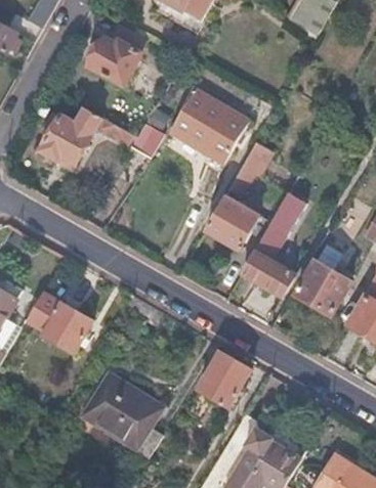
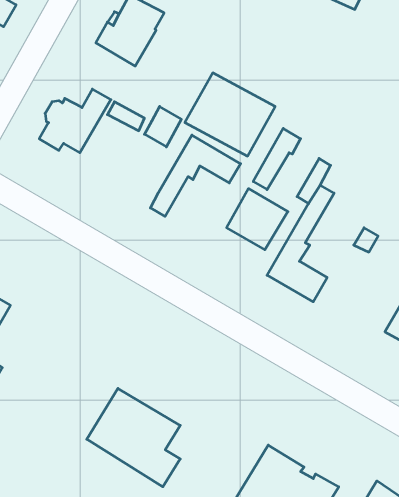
building: none -> [150,135,241,216]
building: [297,262,350,314] -> none
building: [26,292,93,353] -> none
building: [201,354,252,408] -> none

